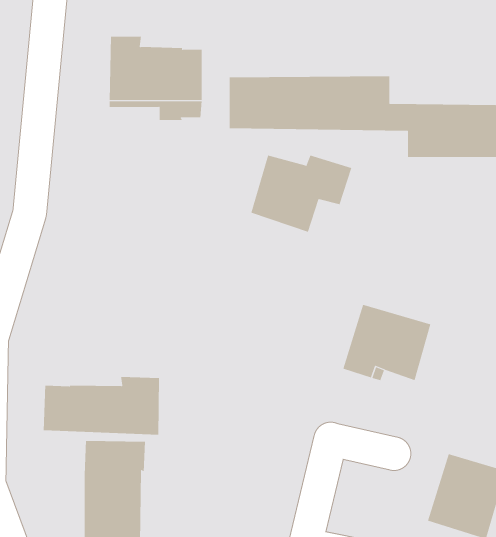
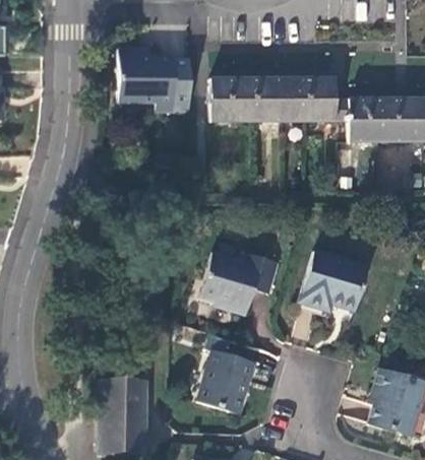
building: [250,155,352,233] -> [200,254,279,314]
building: [43,376,160,435] -> none
building: none -> [198,349,254,413]

